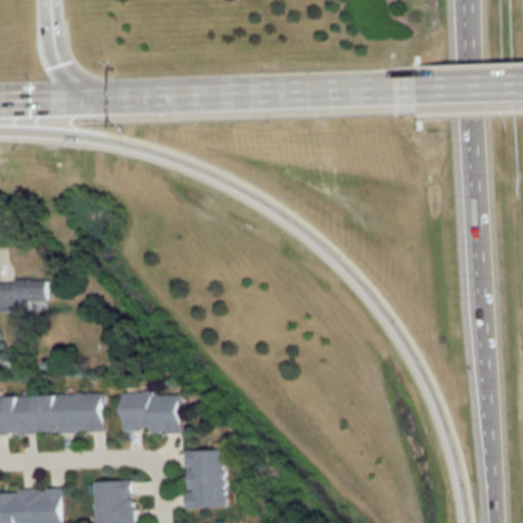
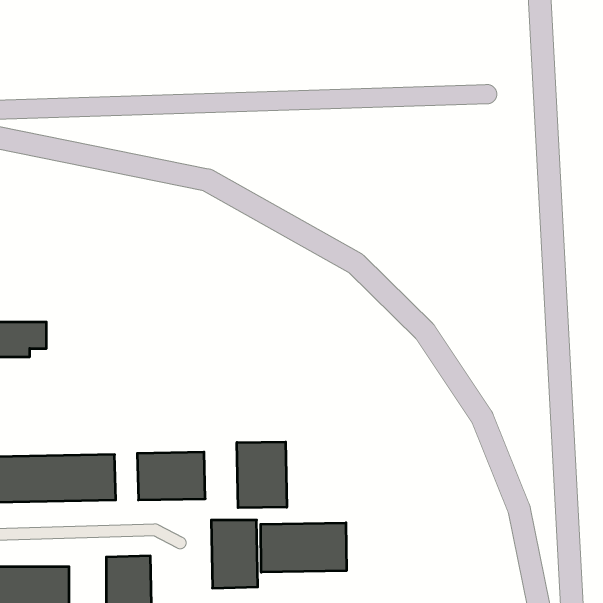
building: none -> [237,442,287,508]
building: none -> [261,523,346,572]

